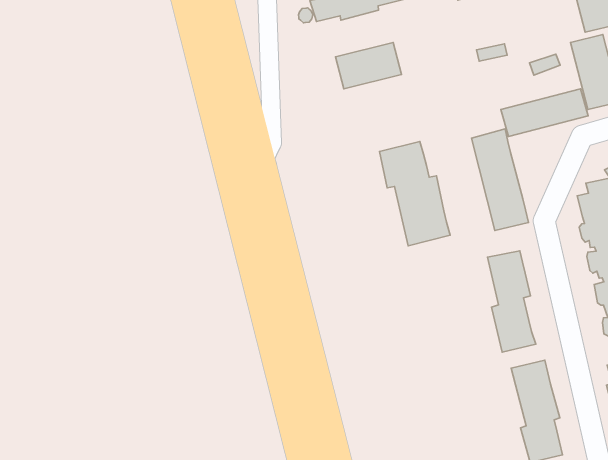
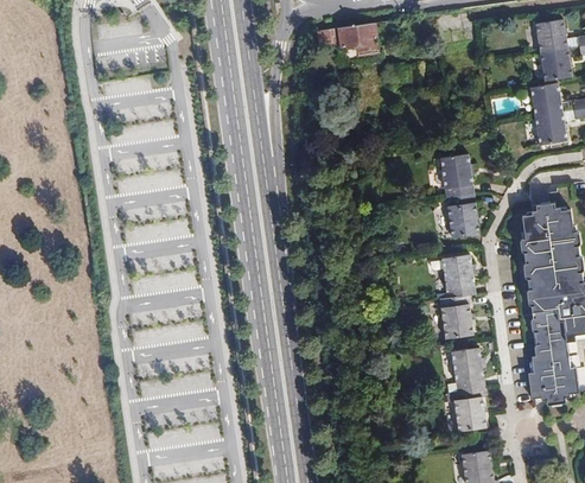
building: [335,42,402,89] -> none
building: [501,89,588,137] -> none
building: [380,141,450,246] -> none

